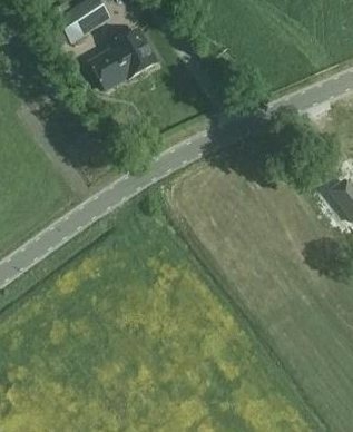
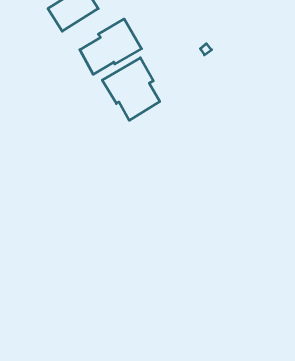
building: none -> [102,58,160,120]

